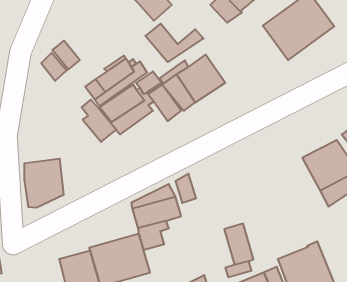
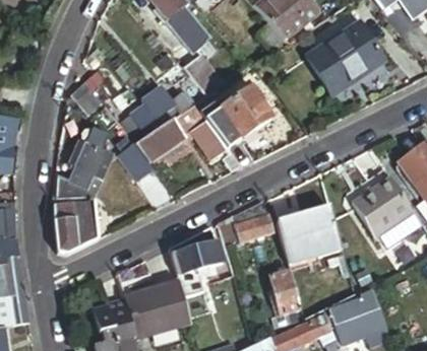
building: none -> [53,140,112,198]
building: none -> [231,202,271,242]
building: none -> [277,207,342,264]

